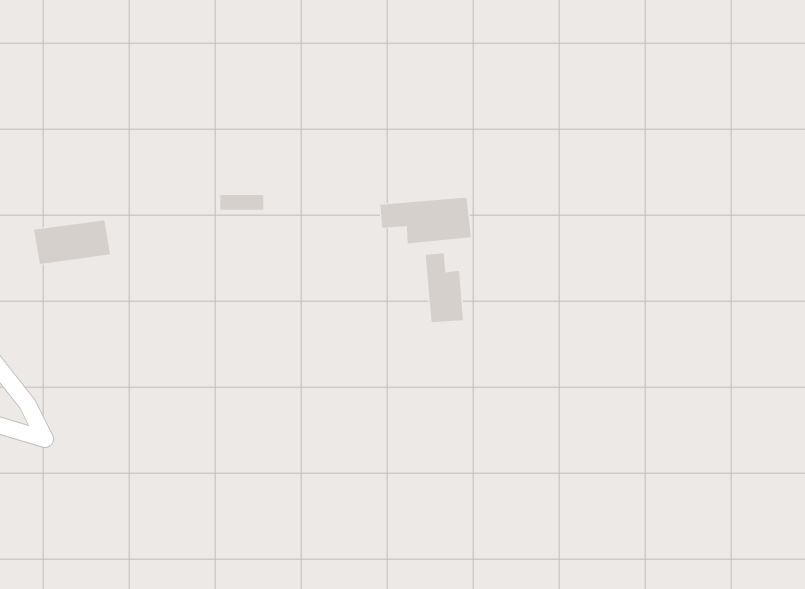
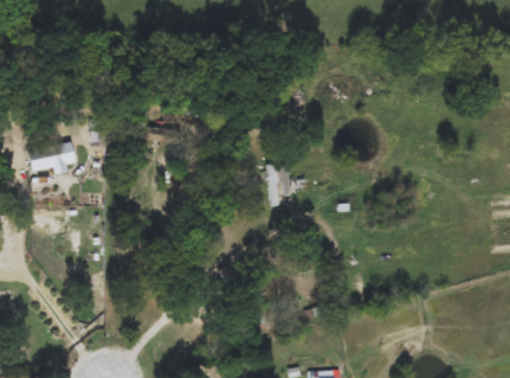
building: [380,197,472,244] -> none

